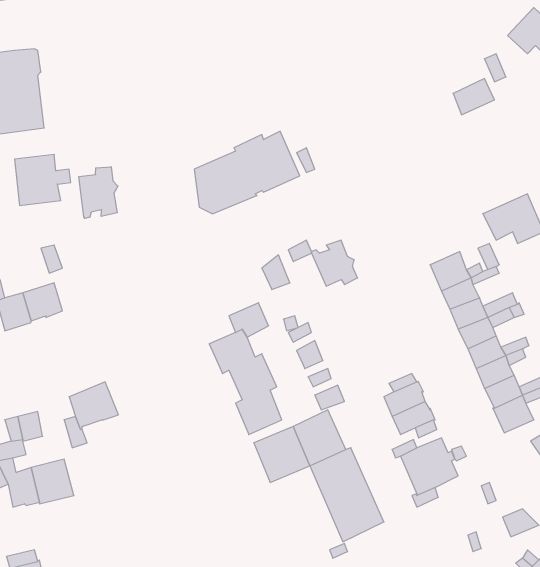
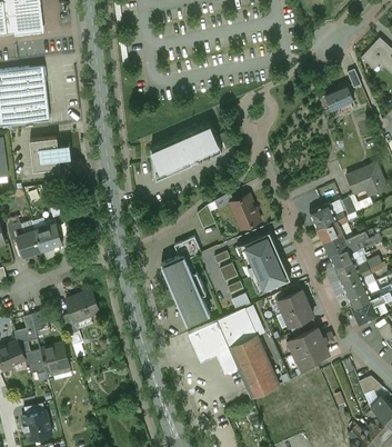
building: [79,167,118,218] -> none
building: none -> [238,234,290,295]

